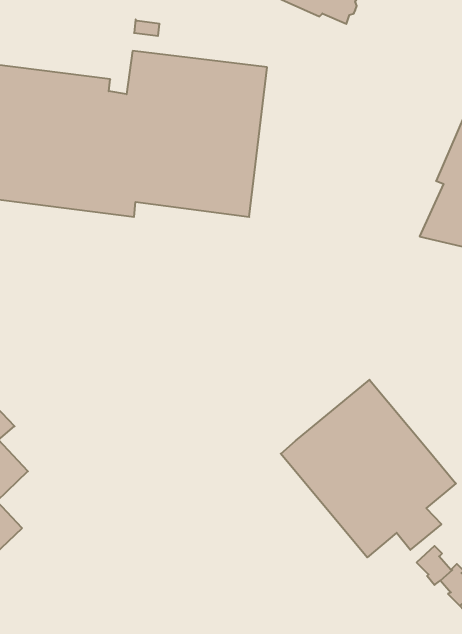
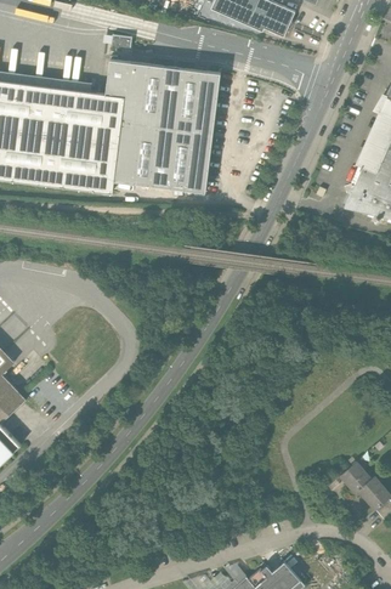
building: [281,380,456,557] -> none

